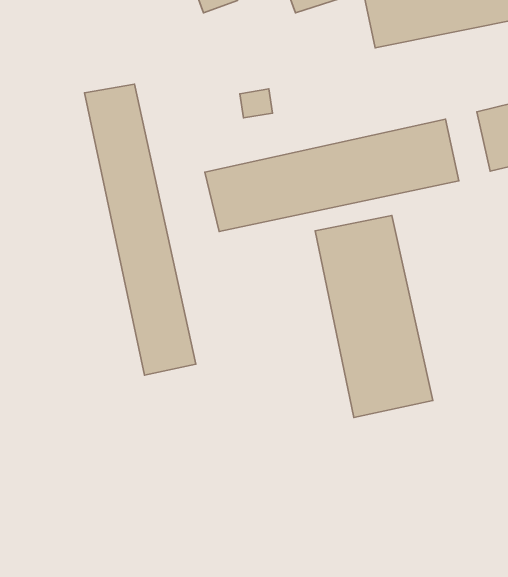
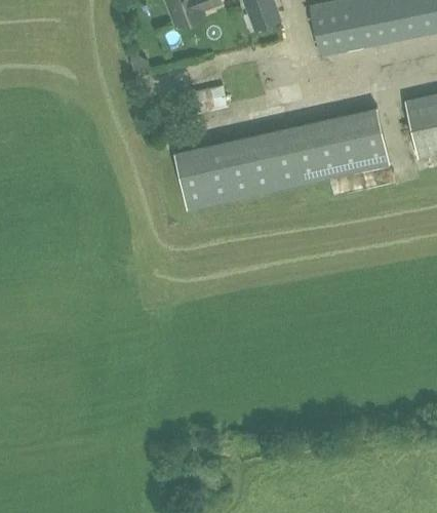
building: [85,84,196,375] -> none
building: [315,215,433,417] -> none

